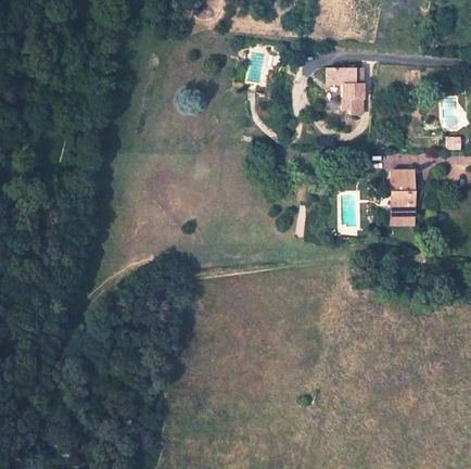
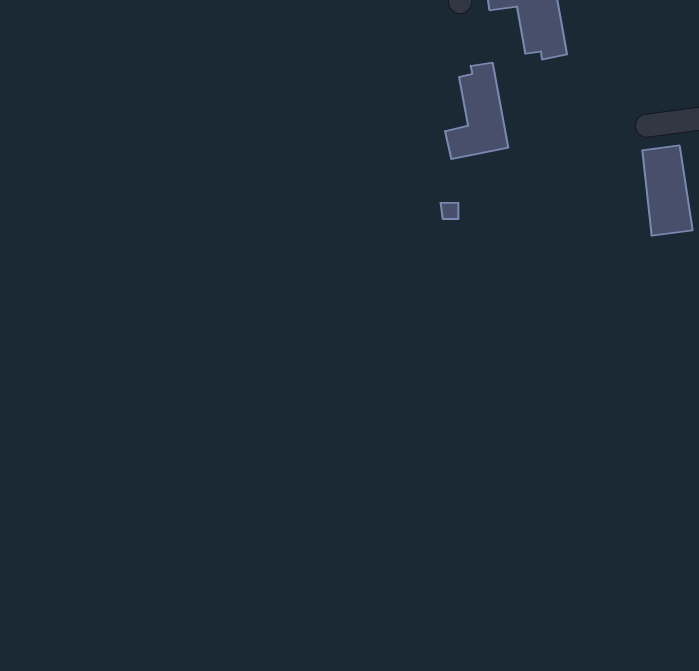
building: none -> [445,63,508,159]

